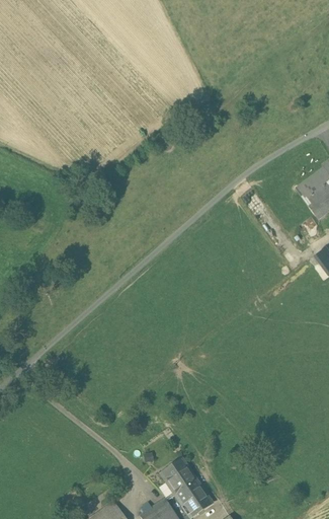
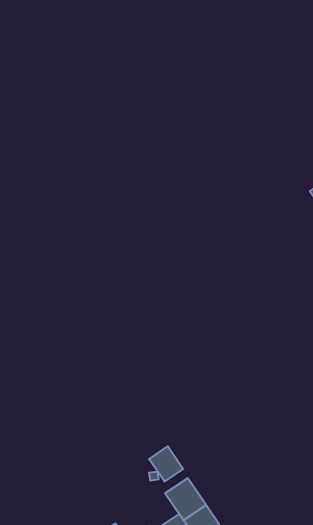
building: none -> [149,446,183,482]

